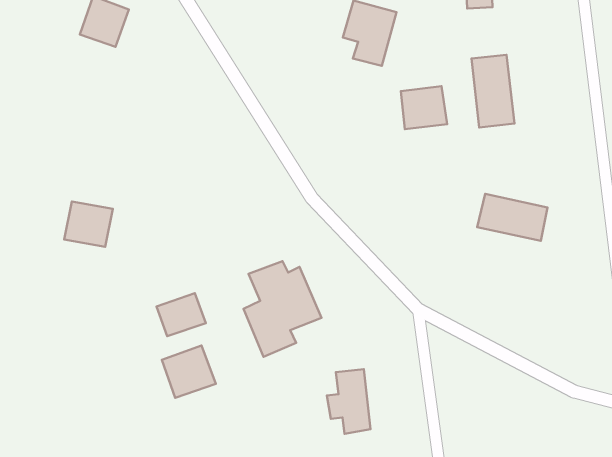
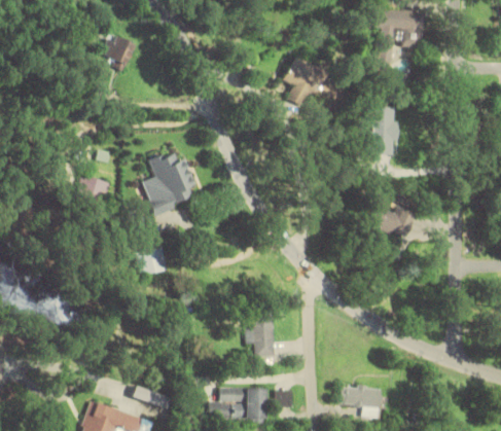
building: [401,86,447,129] -> none
building: [243,261,322,357] -> [143,151,196,216]
building: [162,345,216,398] -> none

